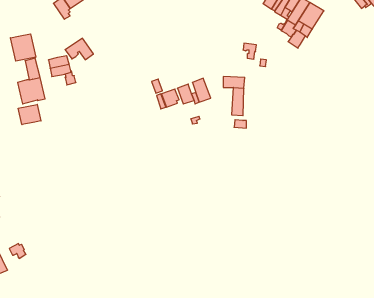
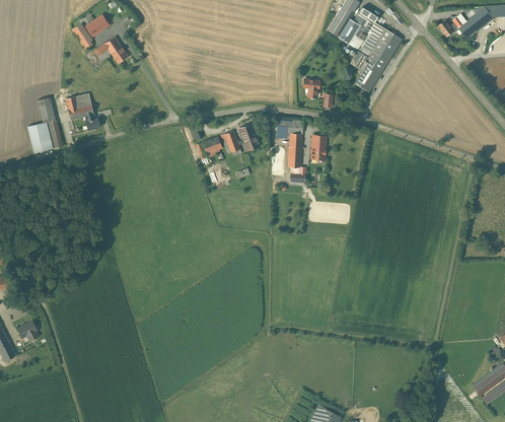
building: [10,34,36,61] -> none
building: [65,38,93,60] -> [92,38,127,64]
building: none -> [310,134,327,160]
building: [18,104,41,125] -> none

